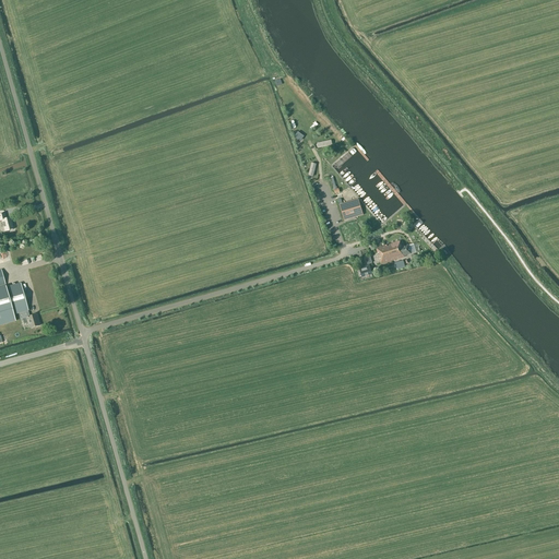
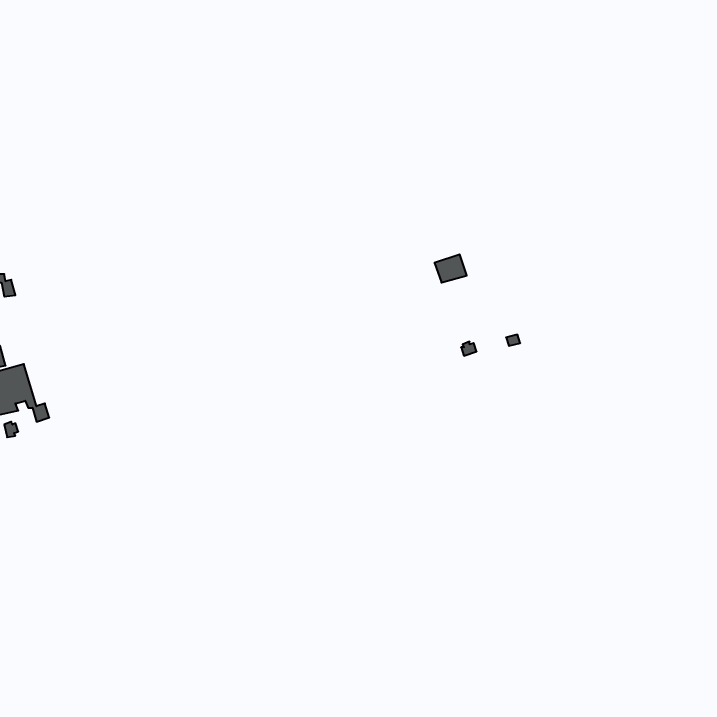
building: [374,241,409,263] -> none

